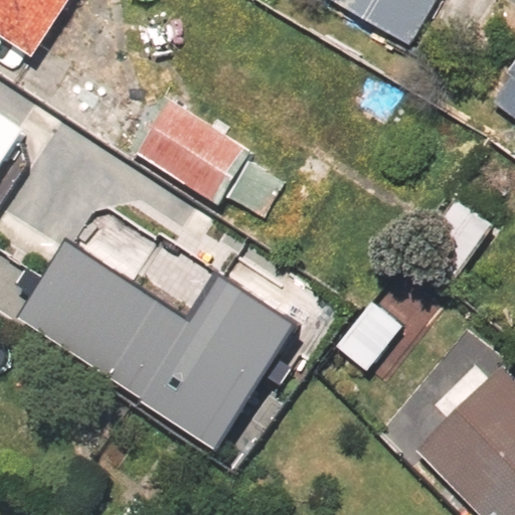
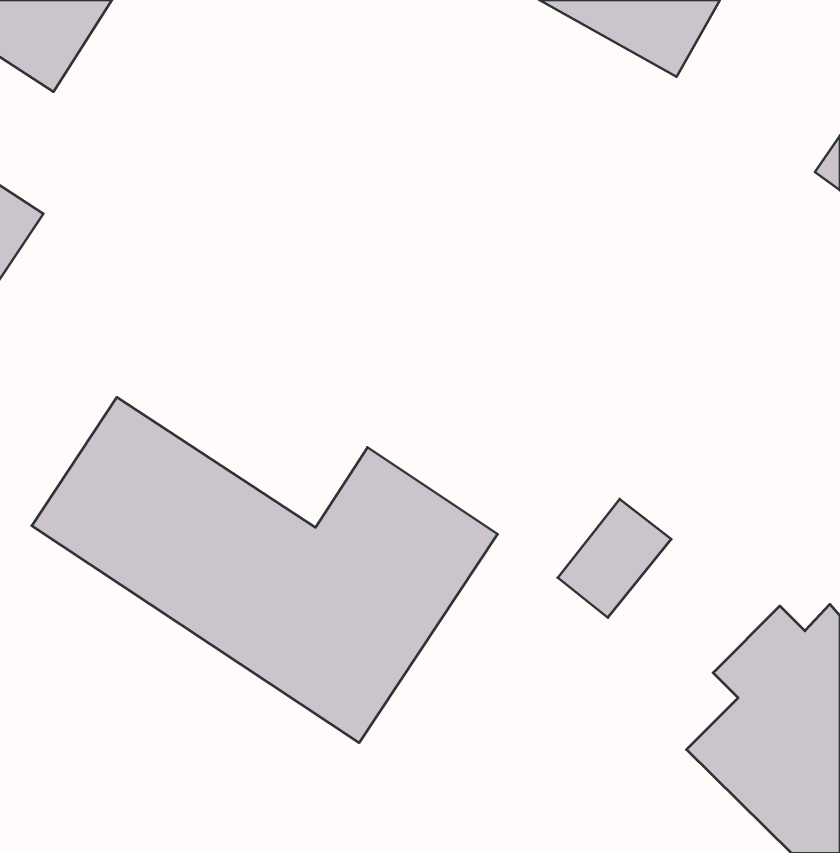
building: [132,99,251,204] -> none

